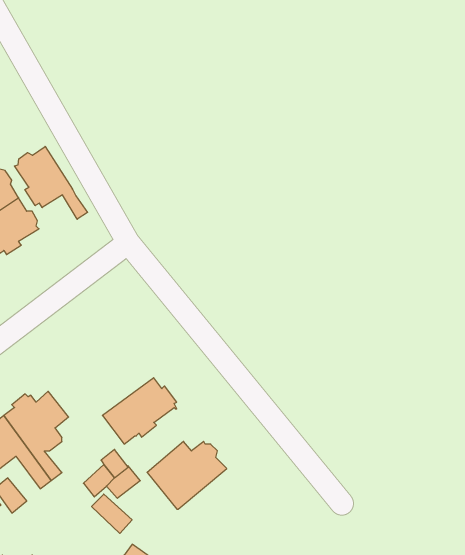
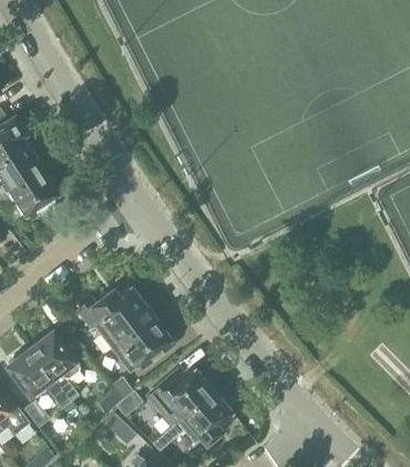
building: [14,146,88,219] -> none
building: none -> [76,286,154,349]
building: none -> [163,393,230,445]

